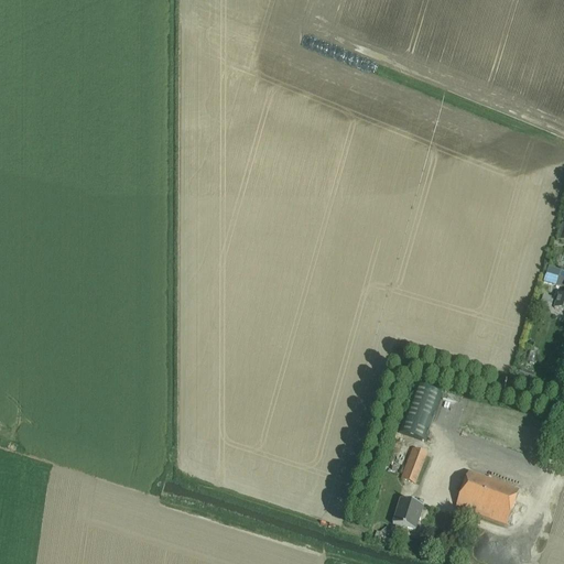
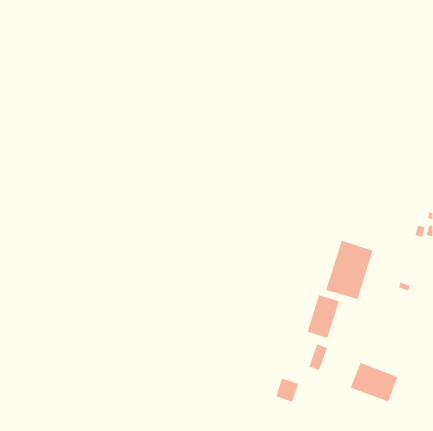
building: none -> [325,240,373,300]
building: [392,497,423,529] -> [276,378,299,403]

